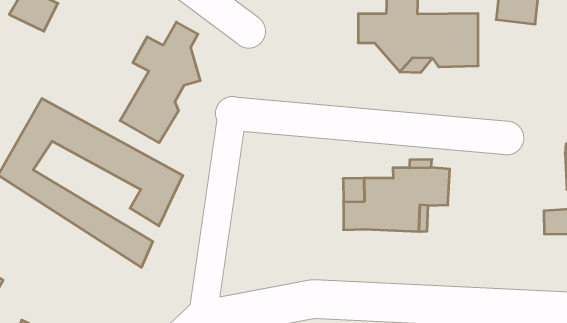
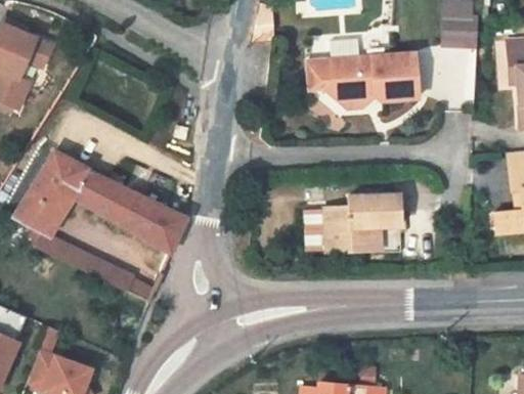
building: [120,22,200,143] -> none

